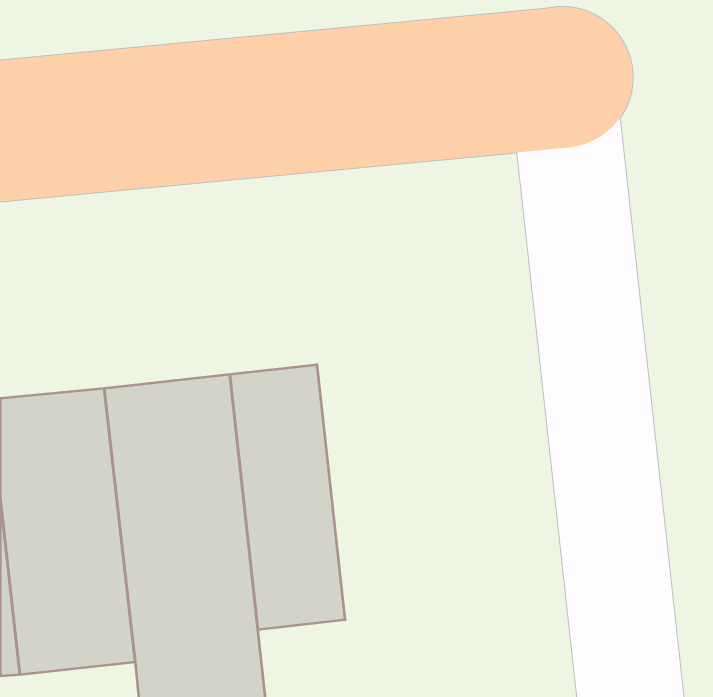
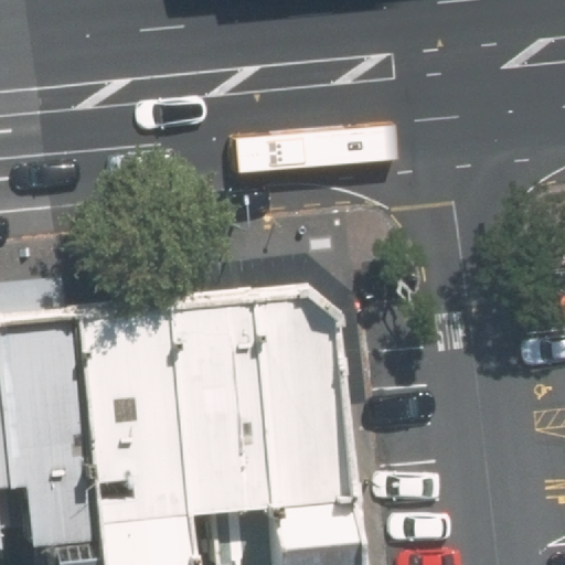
building: none -> [254,297,347,558]

